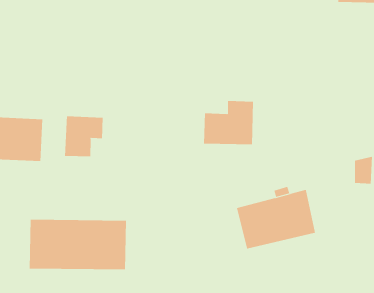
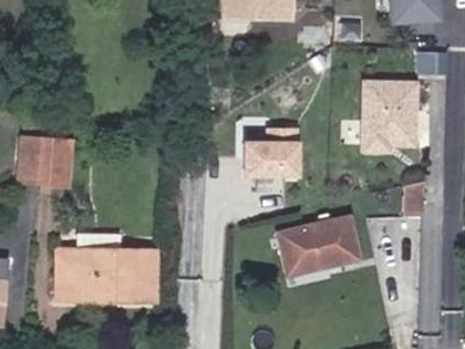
building: none -> [362,83,415,151]
building: [65,115,103,157] -> none

